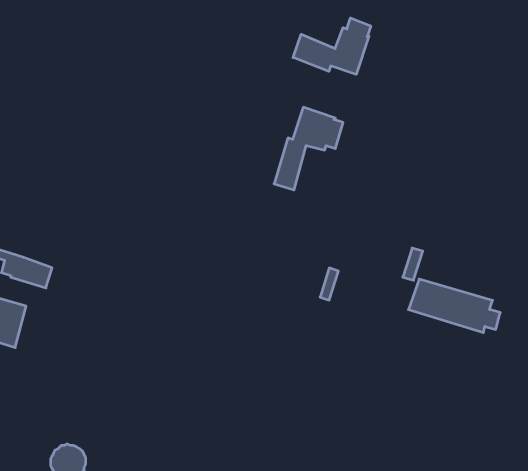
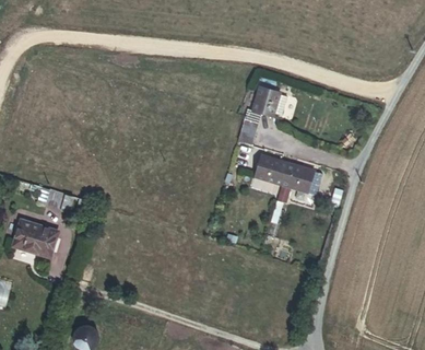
building: [293,18,371,74] -> none
building: [408,279,500,333] -> [253,155,319,194]

